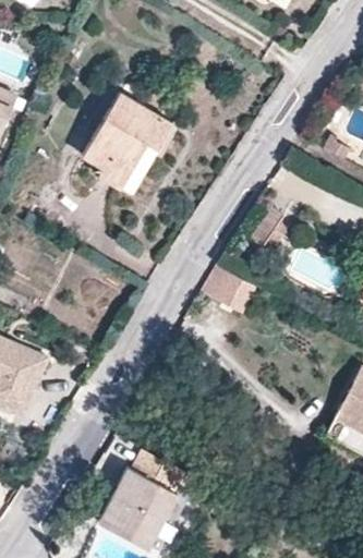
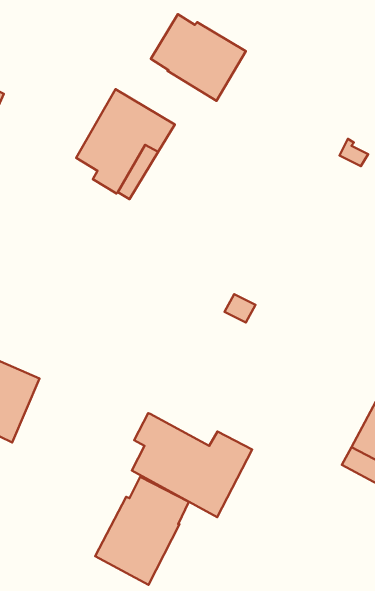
building: none -> [151,14,246,101]
building: none -> [132,413,252,517]

